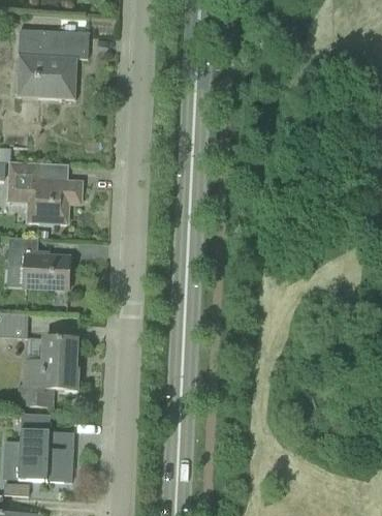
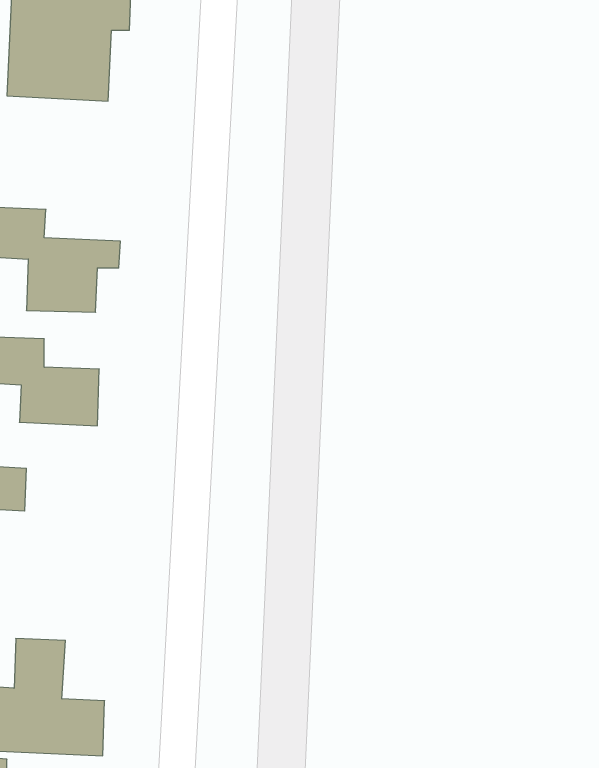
building: [24,338,77,406] -> none

